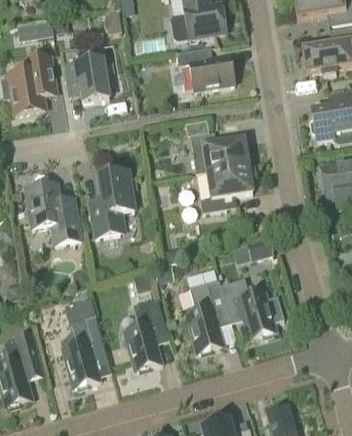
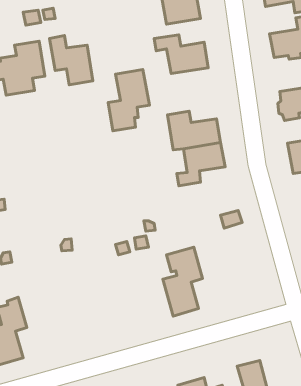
building: [89,169,134,236] -> [108,69,150,131]
building: [26,182,81,243] -> none
building: [219,277,283,339] -> none
building: [123,296,166,370] -> none
building: [62,300,105,387] -> none

